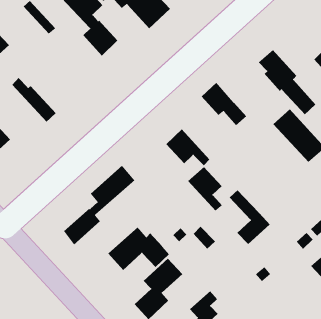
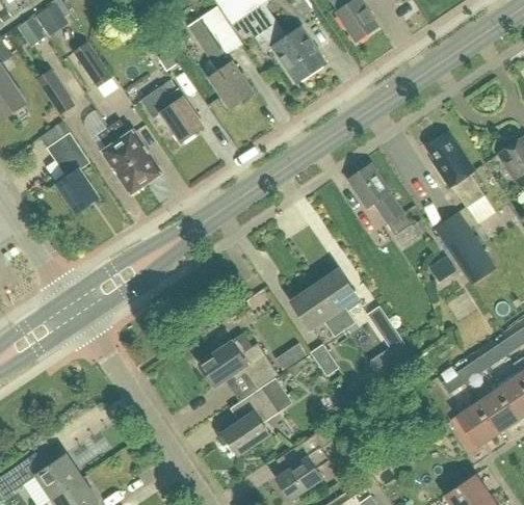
building: none -> [140,85,204,142]
building: none -> [97,128,146,192]
building: [166,129,210,166] -> [290,284,344,336]
building: [63,165,135,245] -> none

